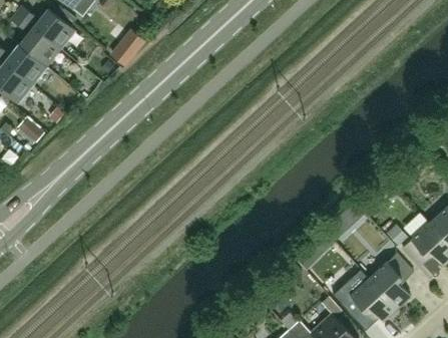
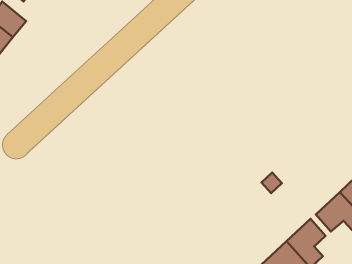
building: [111,31,143,64] -> none

